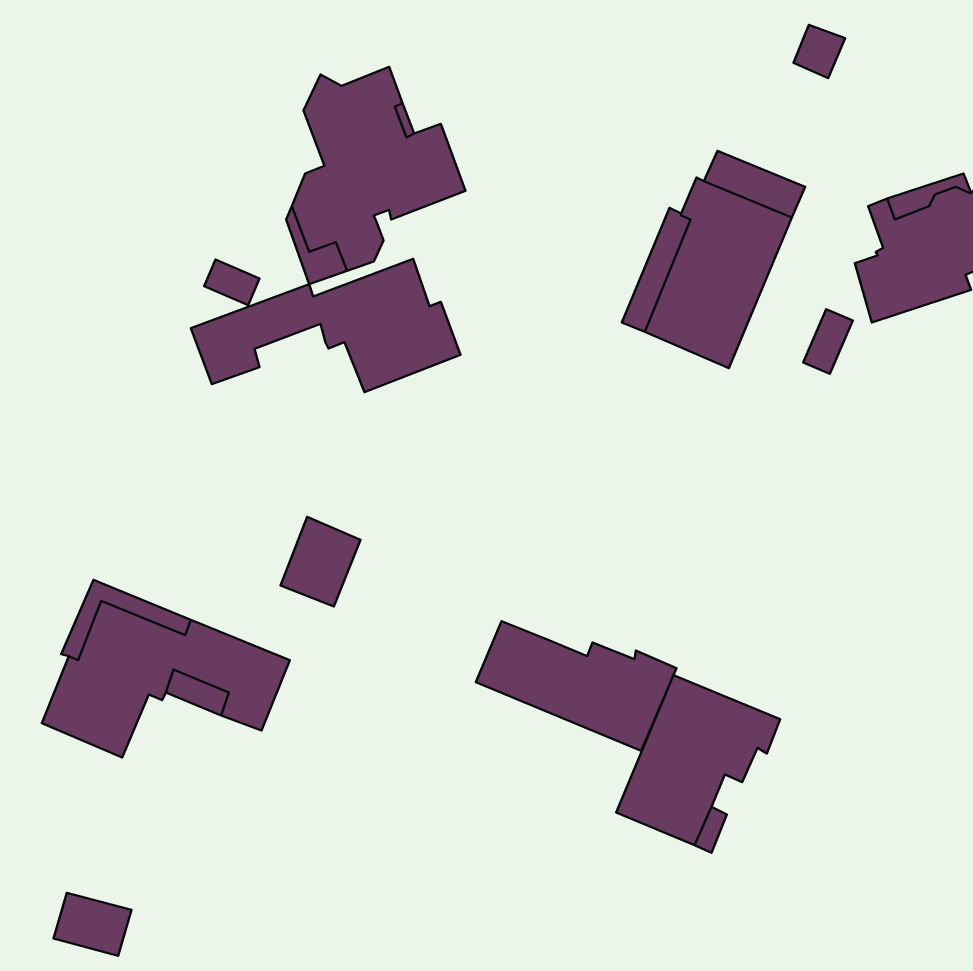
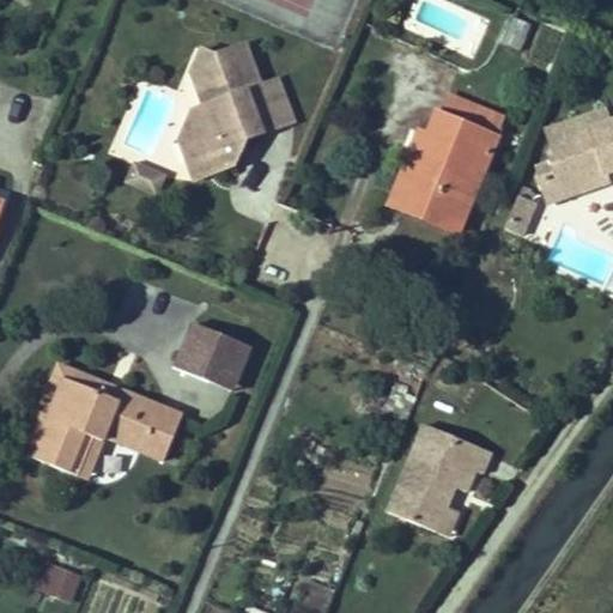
building: [191,259,460,392] -> none
building: none -> [211,339,250,390]
building: [476,621,676,751] -> none

